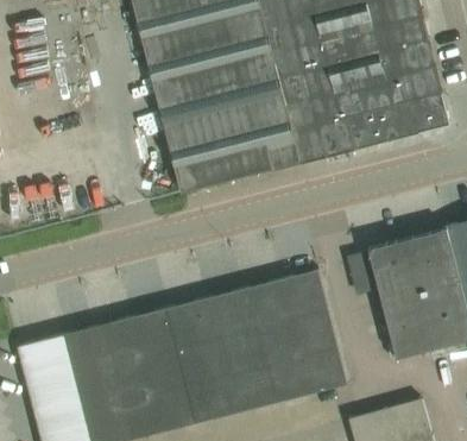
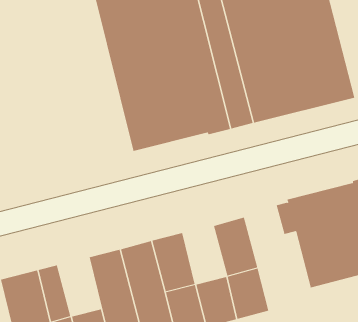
building: [242,282,296,353] -> none
building: [90,320,144,392] -> none

